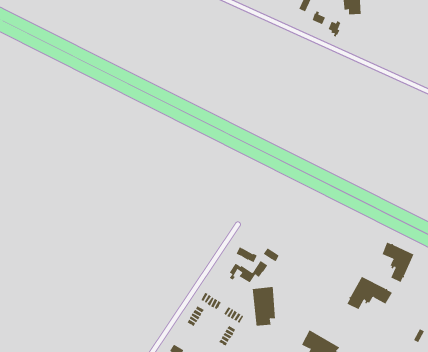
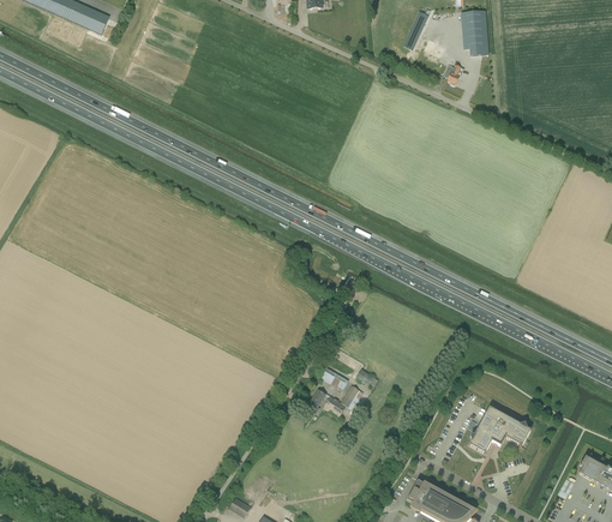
building: [382,242,414,283] -> none
building: [252,286,275,327] -> none

